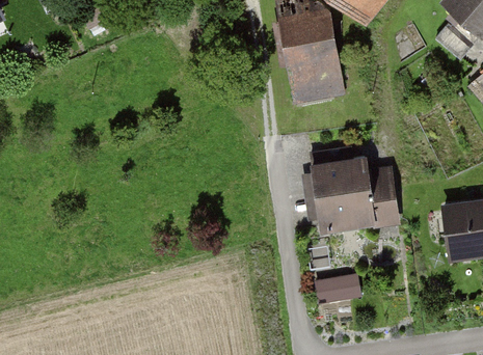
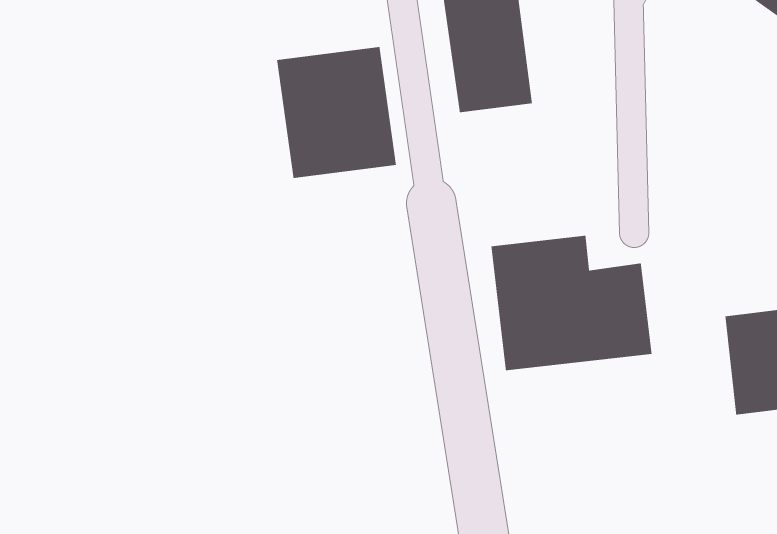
building: none -> [276,46,397,179]
building: [318,274,365,303] -> none

